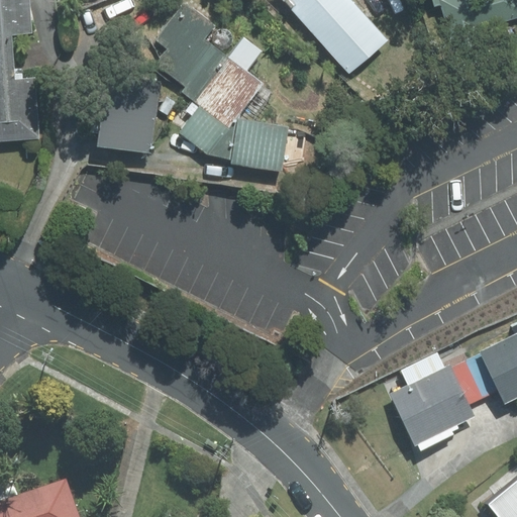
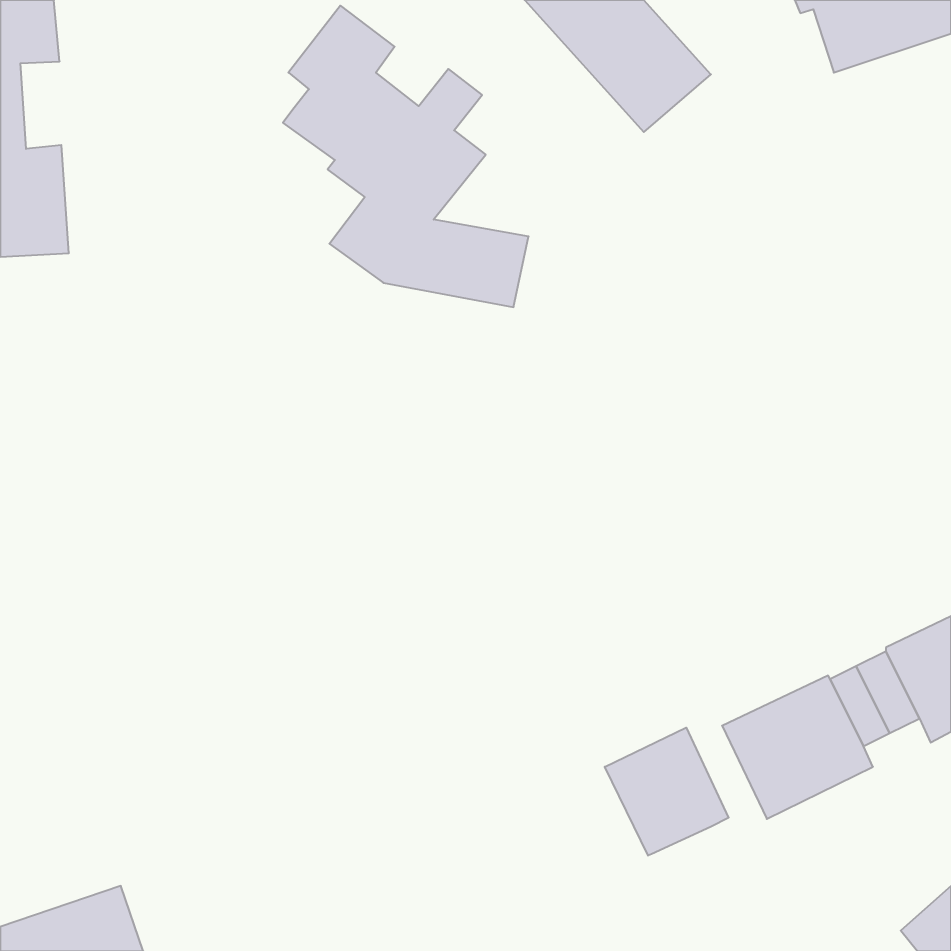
building: [98,77,160,152] -> none
building: none -> [605,728,729,856]

